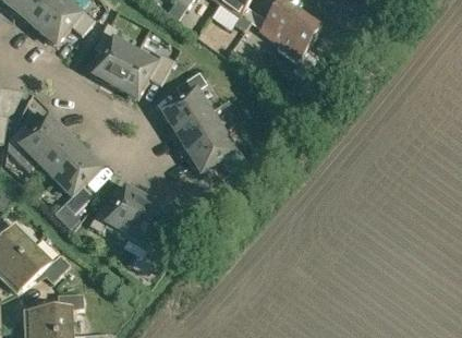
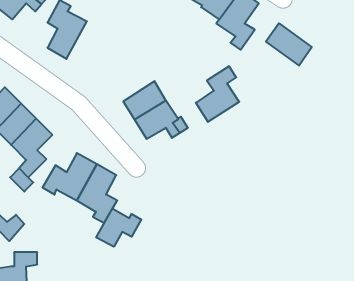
building: [113,44,172,96] -> none
building: none -> [266,23,312,66]
building: [161,70,208,130] -> [196,66,239,122]
building: none -> [96,208,141,247]

